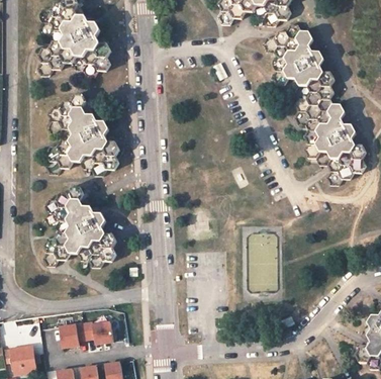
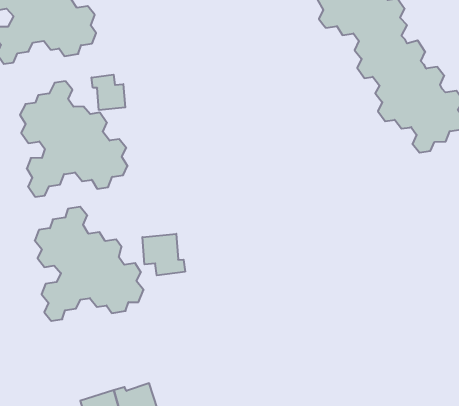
building: none -> [92,75,125,110]
building: none -> [142,234,185,275]

